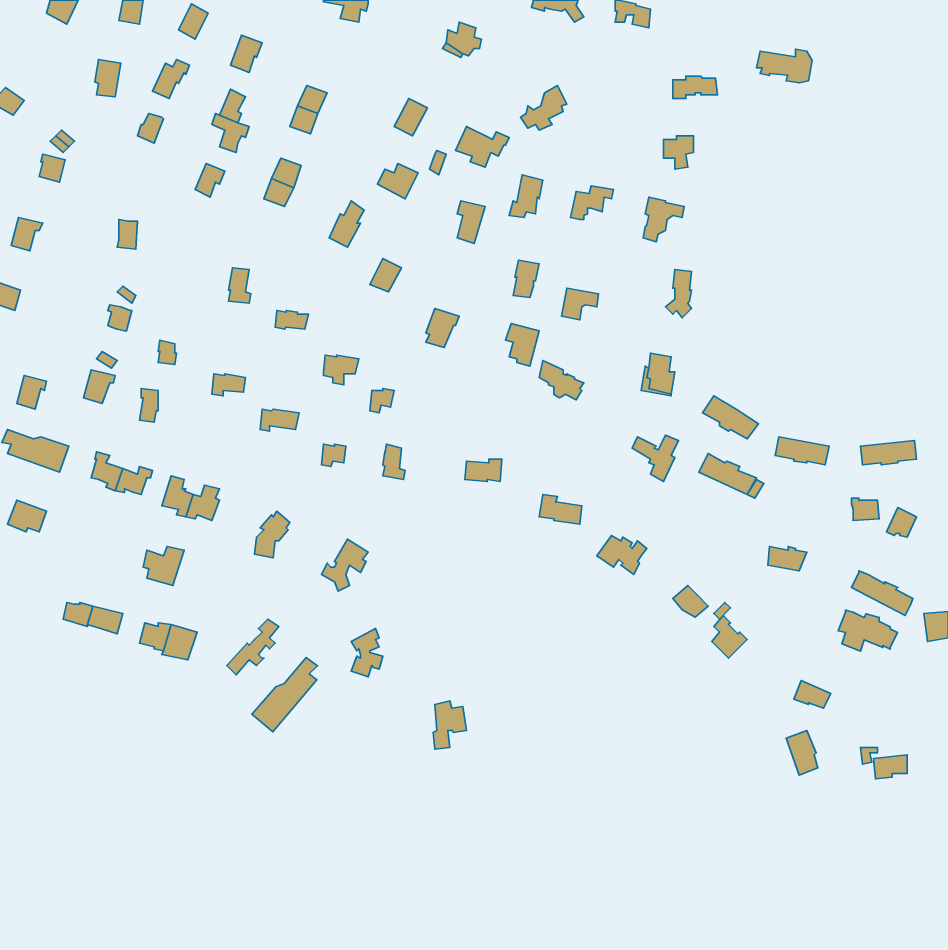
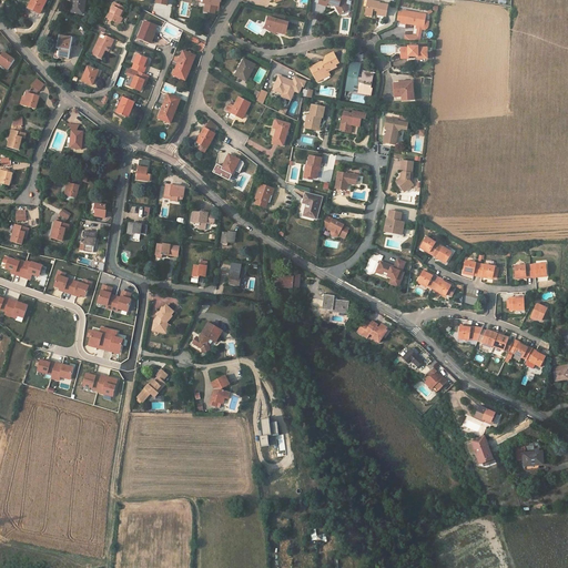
building: [757,49,812,83] -> [398,9,432,29]
building: none -> [345,61,372,93]
building: [838,610,898,651] -> [477,328,513,353]
building: [252,658,318,732] -> none

